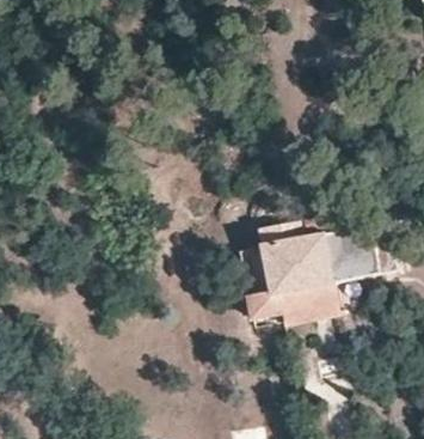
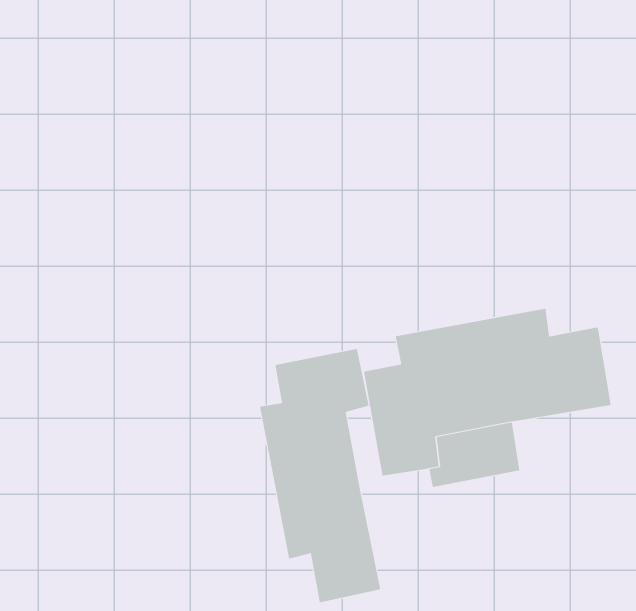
building: none -> [259,348,381,603]

